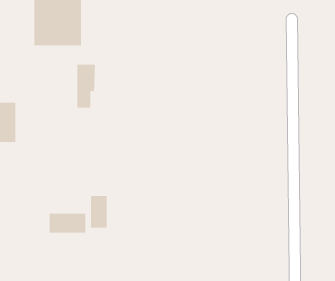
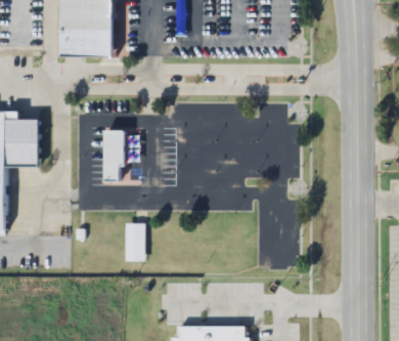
building: [77,64,96,108] -> [103,131,125,180]
building: [49,213,86,233] -> none

